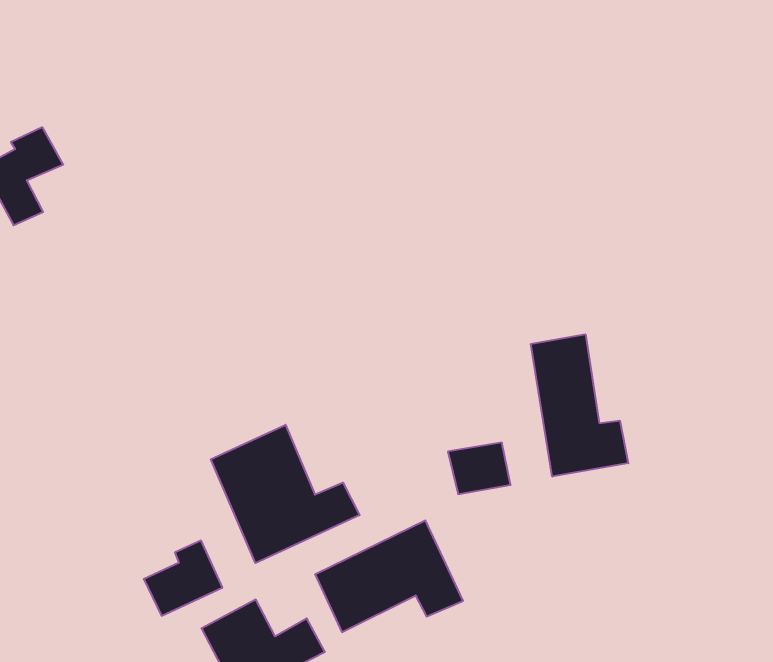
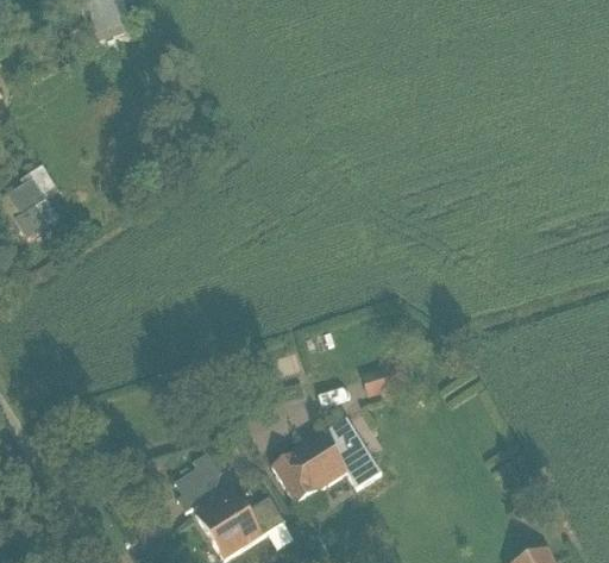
building: [531,334,628,477] -> none
building: [211,425,360,563] -> none

